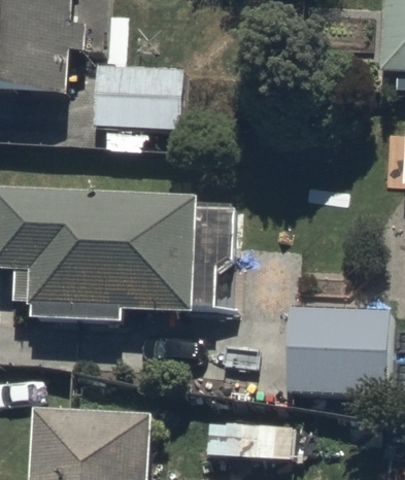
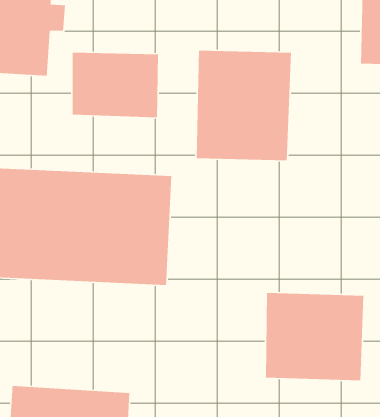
building: none -> [196,50,292,161]

